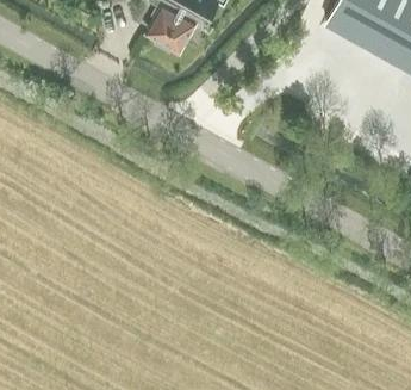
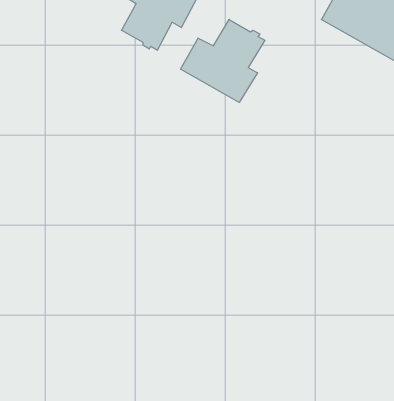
building: none -> [180,19,265,102]

